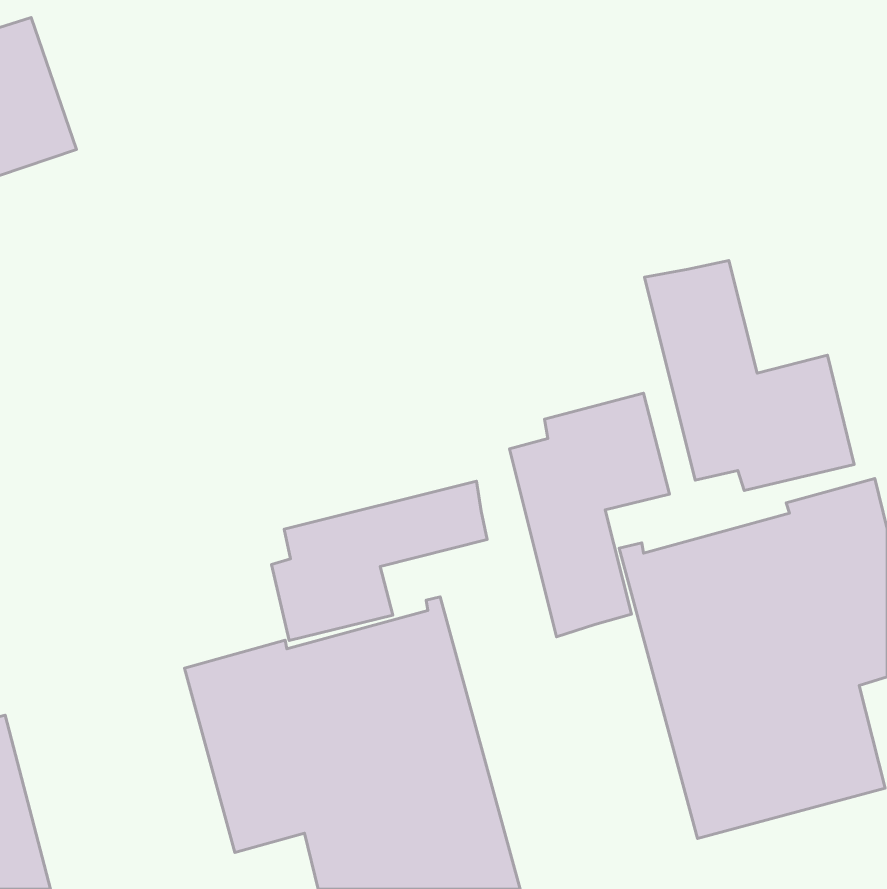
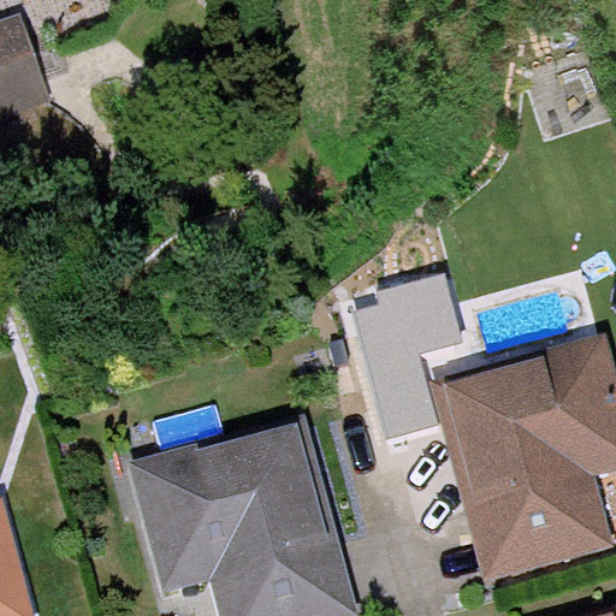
building: [645,260,854,491] -> none
building: [271,481,487,640] -> none

